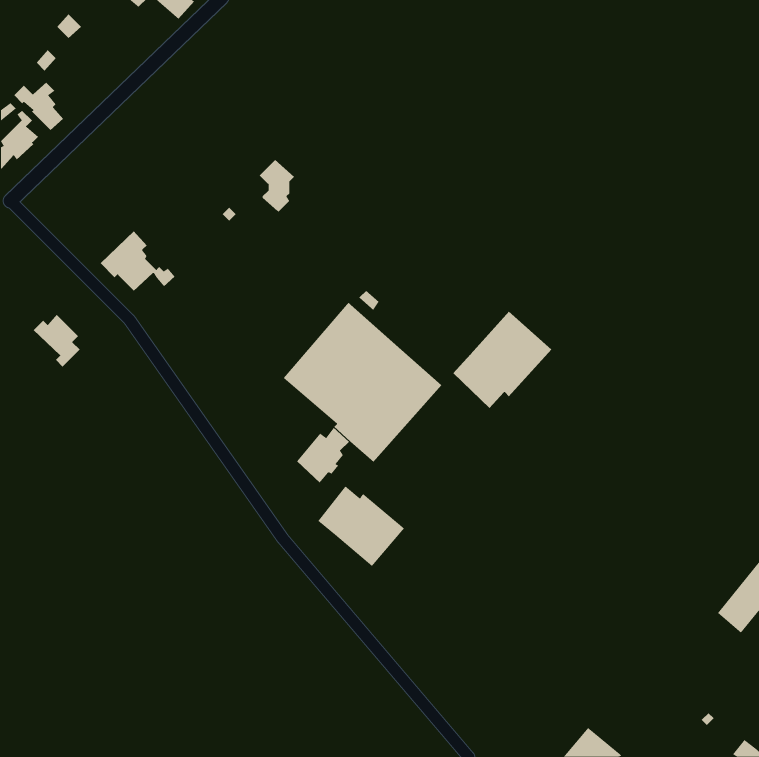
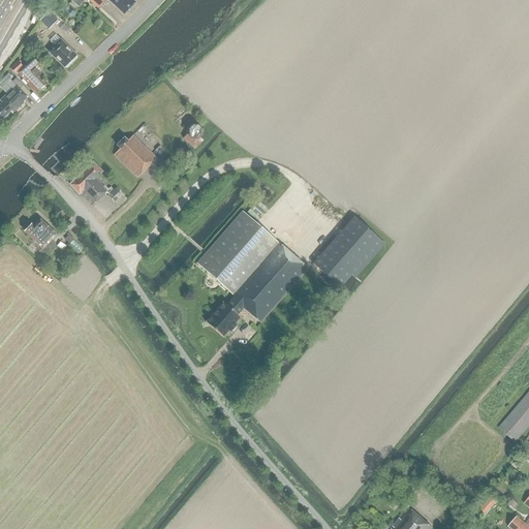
building: none -> [49,38,76,66]
building: none -> [115,133,158,176]
building: [317,486,405,567] -> none

